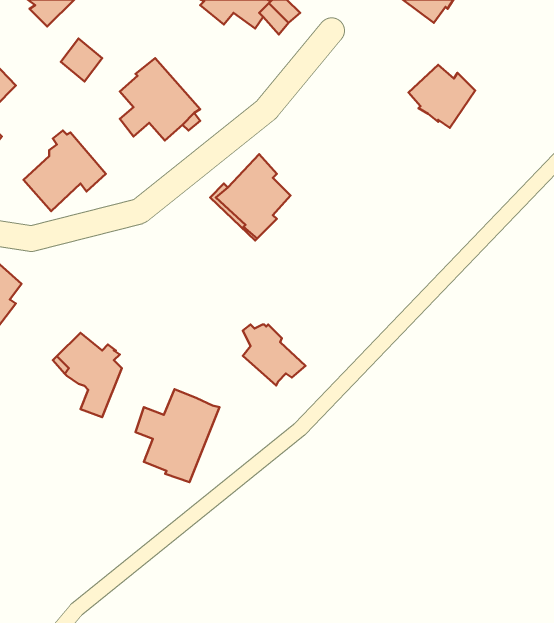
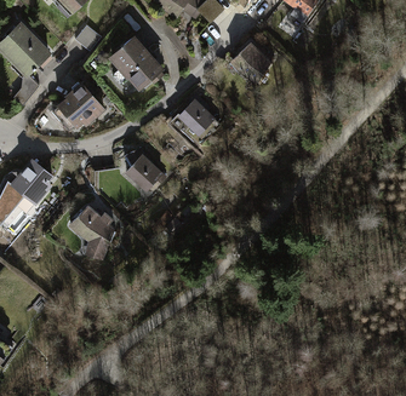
building: [409,65,475,128] -> [231,42,273,81]
building: [243,325,306,385] -> [126,151,165,189]
building: [135,389,220,482] -> none

